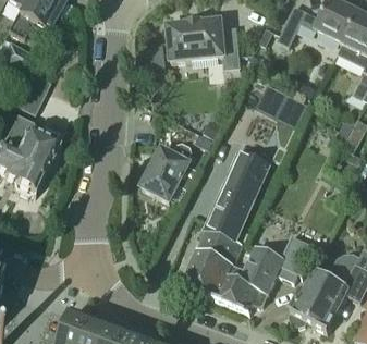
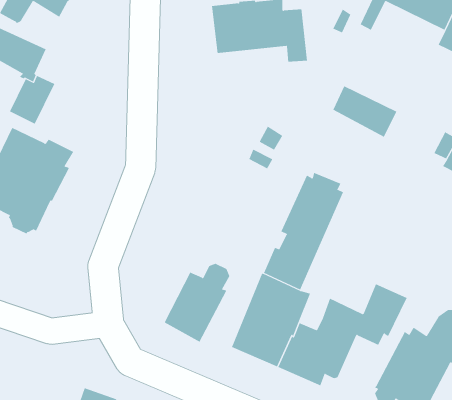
building: [142,140,192,200] -> [164,263,230,343]

